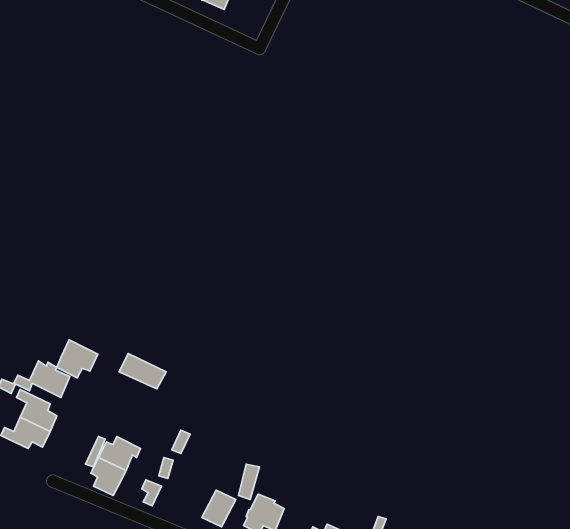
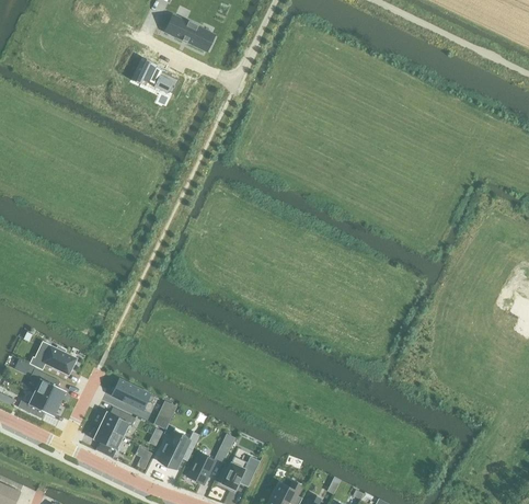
building: none -> [130,57,179,93]
building: [57,340,98,378] -> none
building: [119,353,166,389] -> [111,379,150,409]
building: none -> [158,434,192,468]

